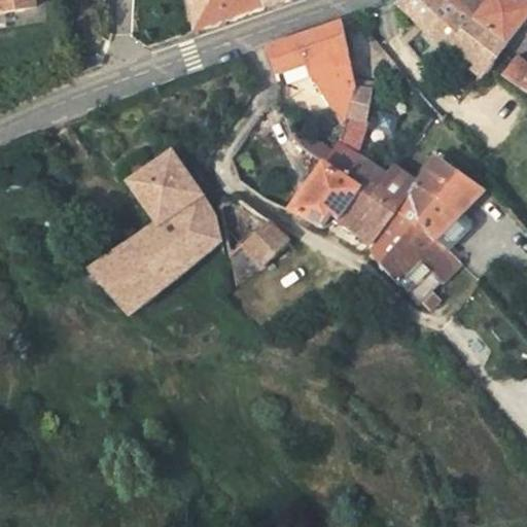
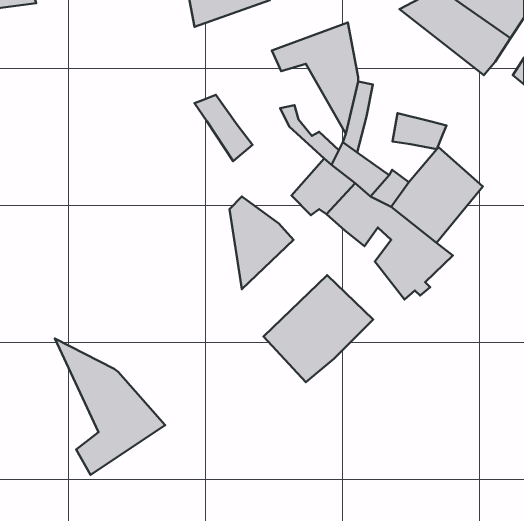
building: none -> [195,95,252,161]
building: none -> [393,113,446,149]
building: [86,146,222,311] -> none
building: none -> [263,275,373,382]
building: none -> [55,339,165,475]

